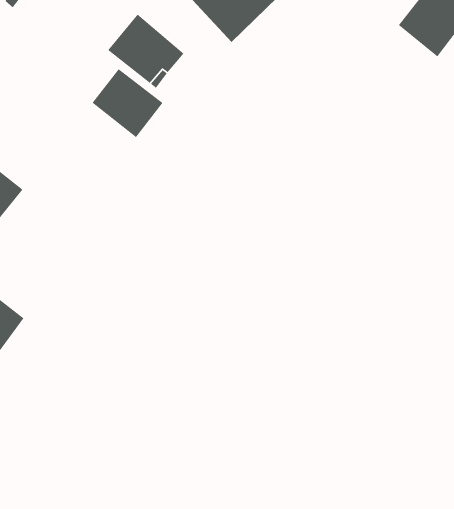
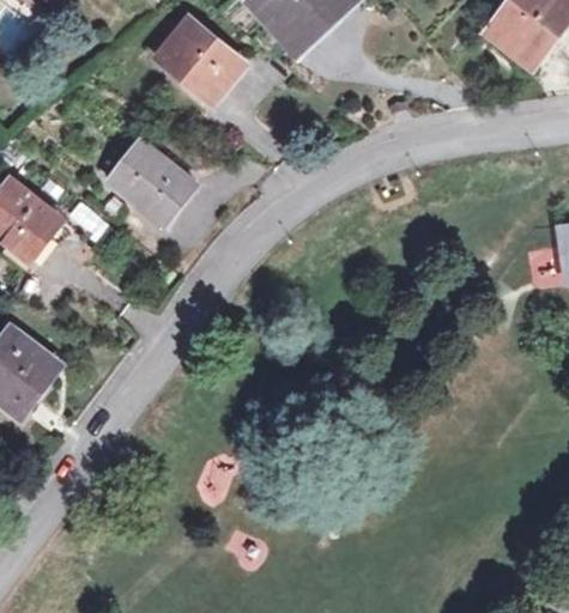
building: [91,68,164,138] -> [113,142,195,223]

